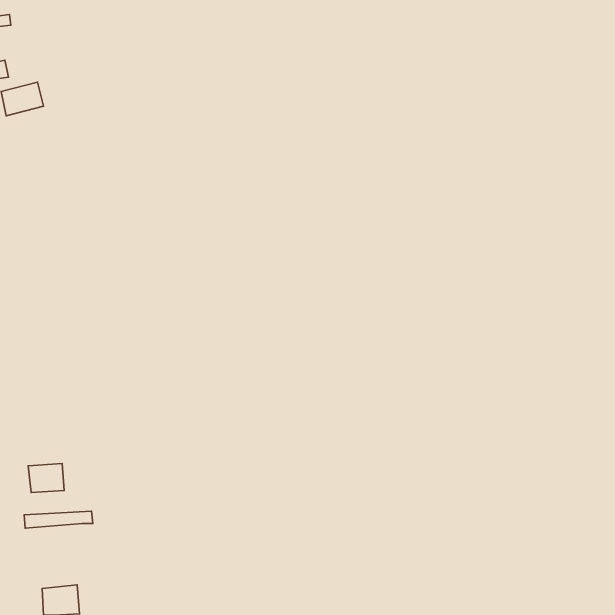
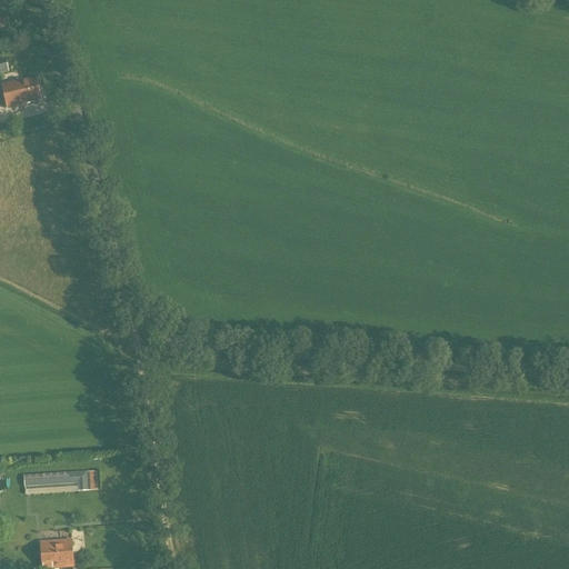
building: [28,463,64,492] -> none

